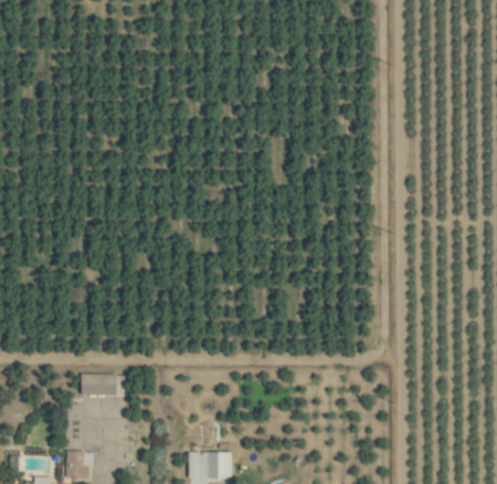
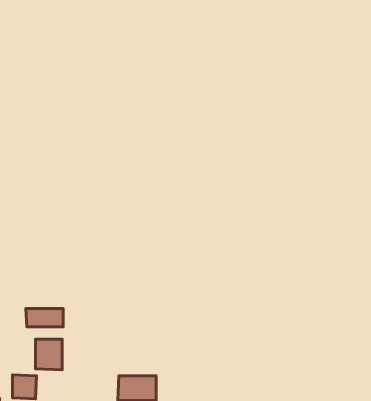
building: none -> [35,339,62,370]

